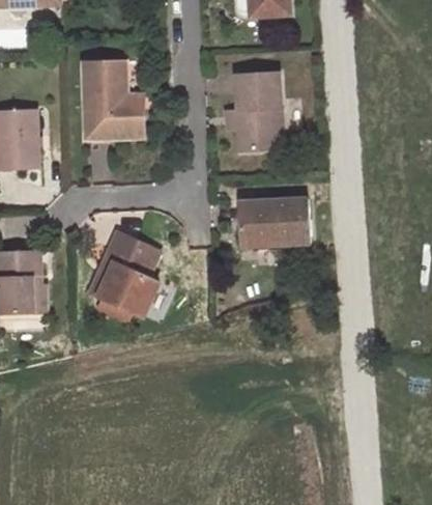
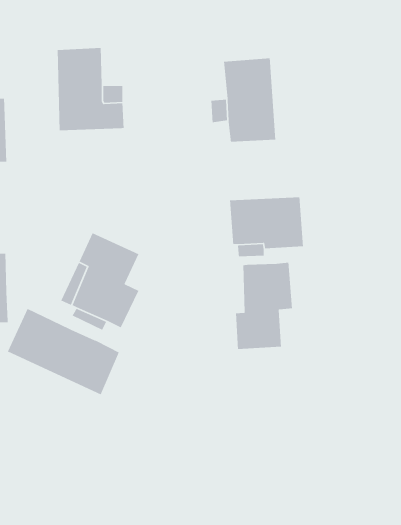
building: none -> [235,262,293,350]
building: none -> [7,308,120,395]

